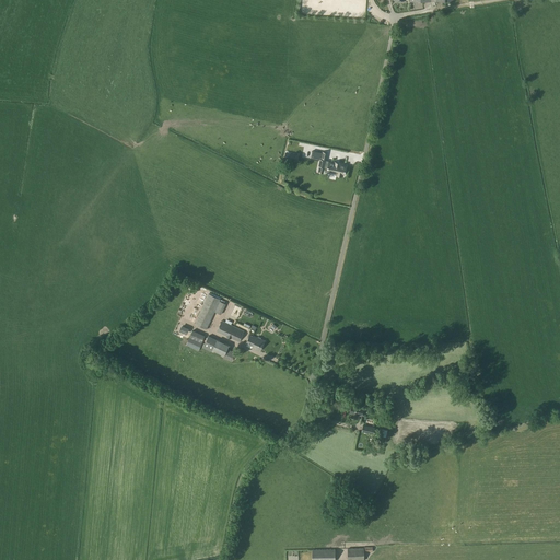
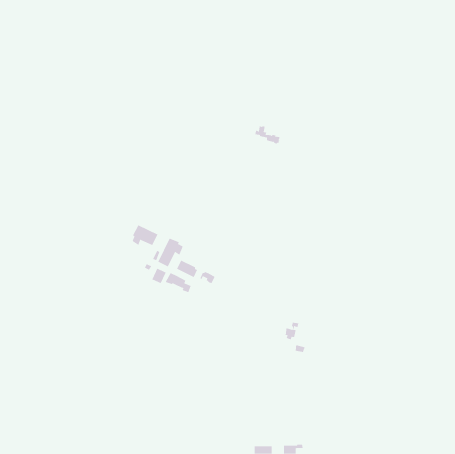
building: none -> [132,225,158,246]

